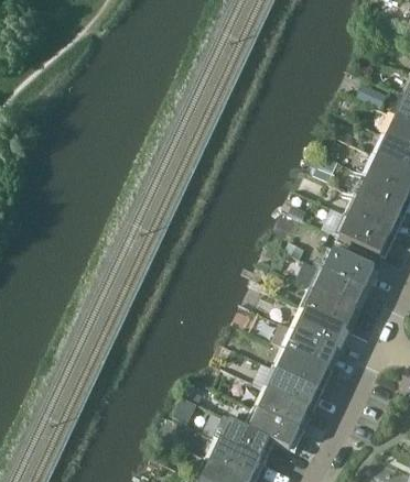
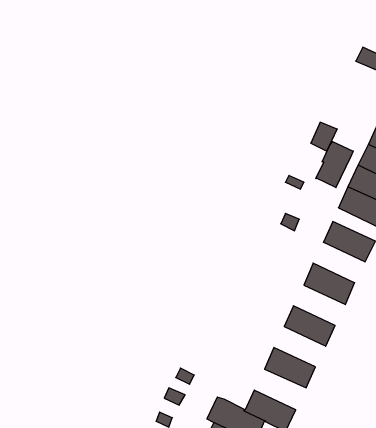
building: none -> [316,141,353,188]
building: [314,270,364,308] -> none
building: [295,310,345,349] -> none
building: [277,350,326,388] -> none
building: [258,391,308,429] -> none

